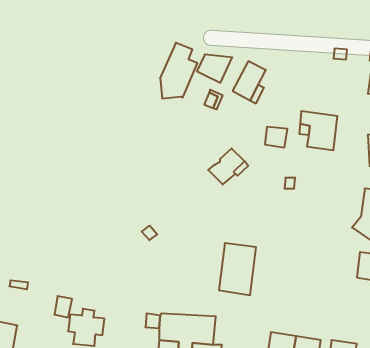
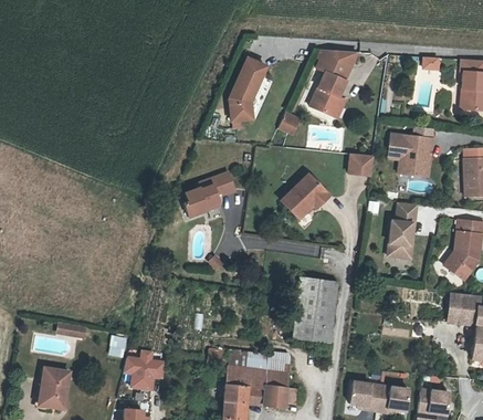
building: [197,54,232,83] -> [321,53,360,85]
building: none -> [183,170,233,213]
building: none -> [385,200,412,256]

